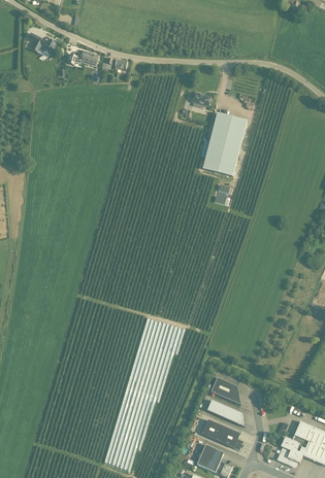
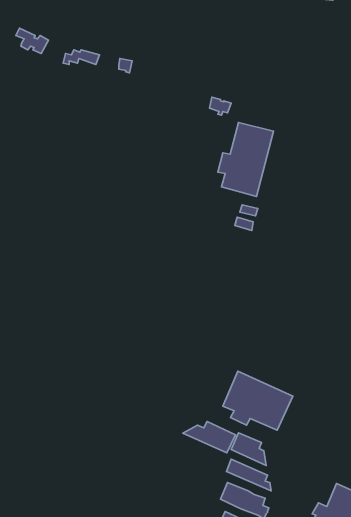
building: none -> [223,371,293,430]
building: none -> [183,422,235,453]

